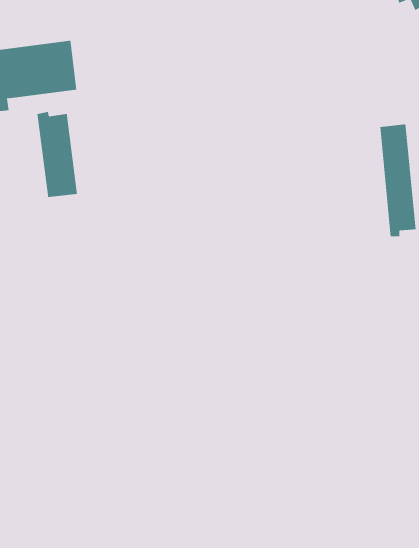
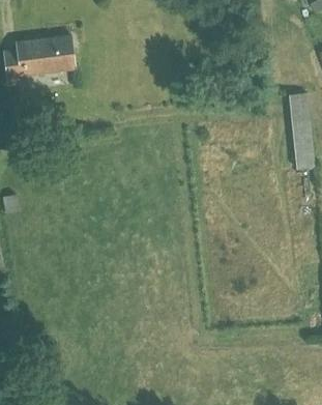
building: [37,111,77,198] -> none

